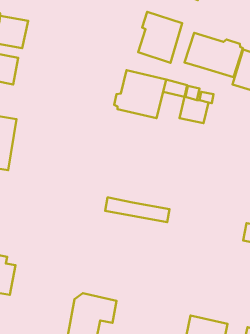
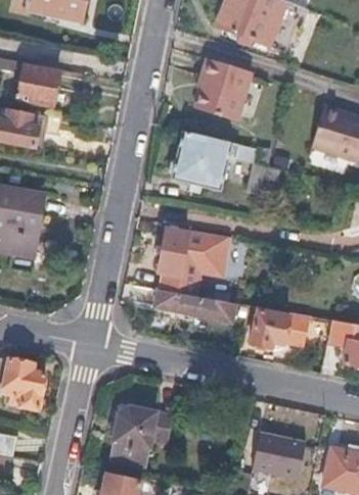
building: [185,33,243,77] -> none
building: none -> [158,231,228,295]
building: none -> [250,310,309,350]

